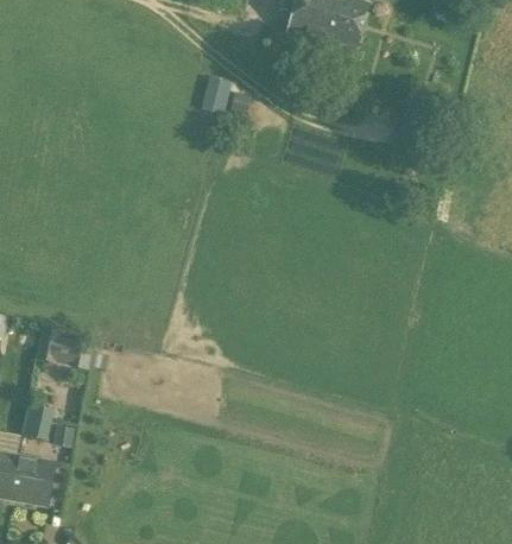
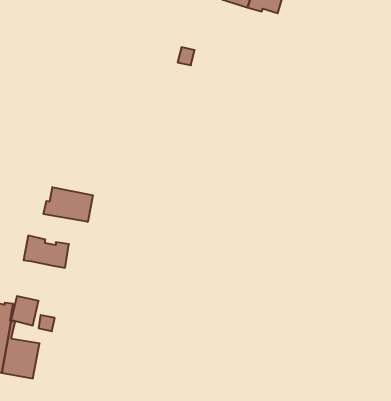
building: [201,77,230,115] -> none
building: none -> [43,187,93,222]

